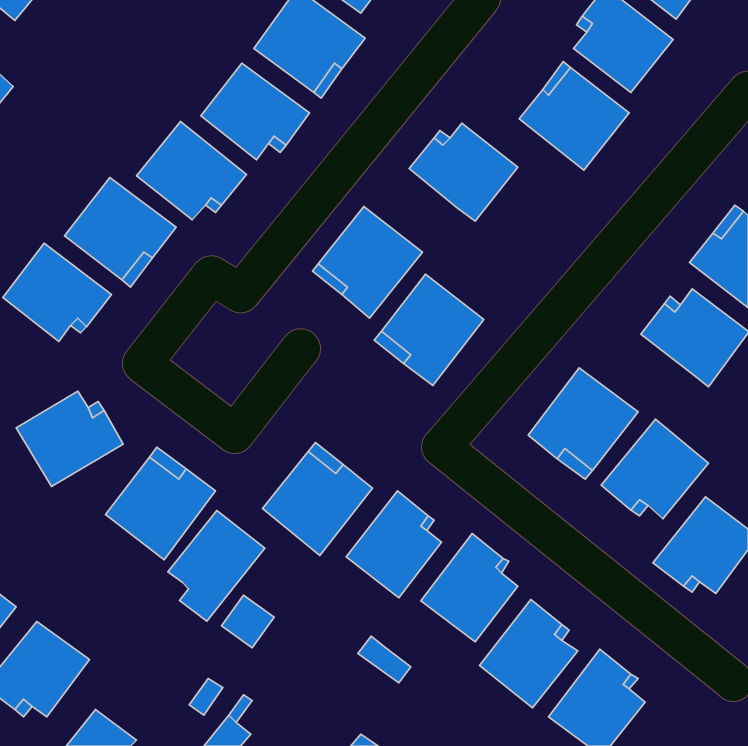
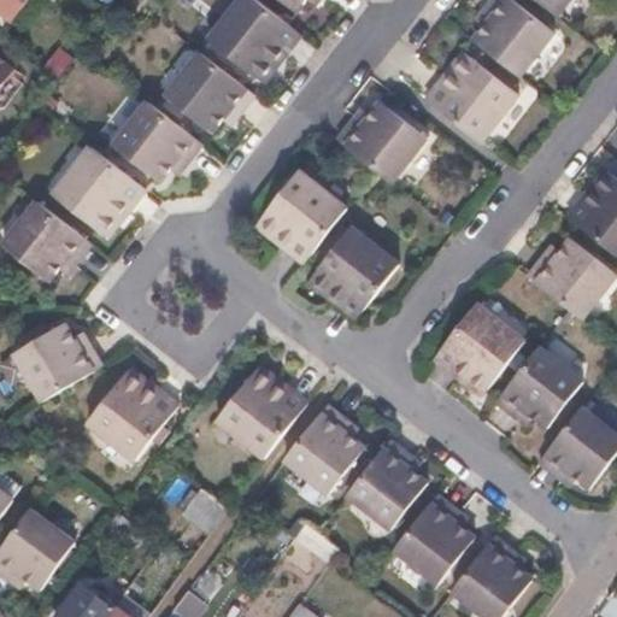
building: [168,511,265,621] -> none

